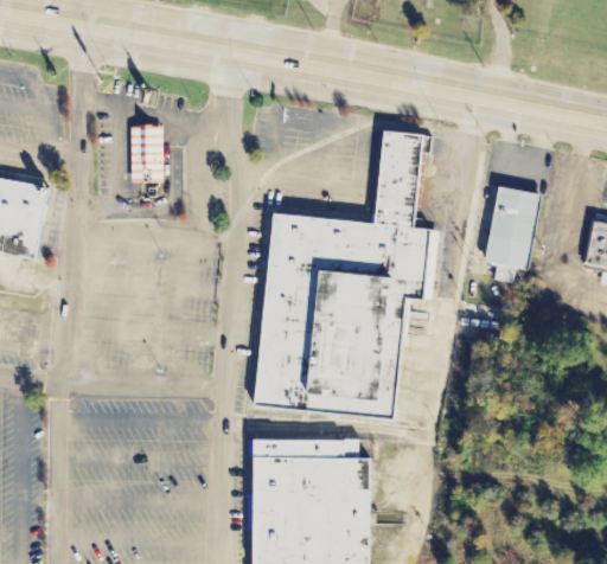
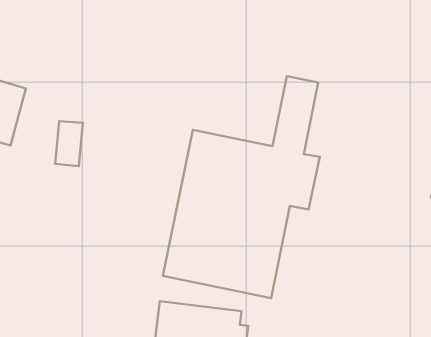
building: [133,127,165,184] -> [55,121,83,166]
building: [487,187,545,286] -> none

